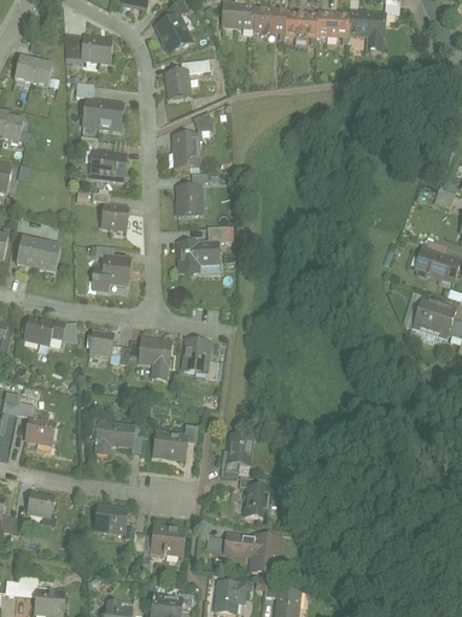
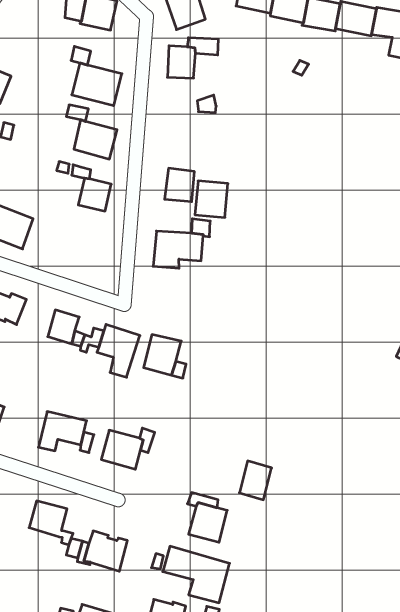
building: [13,54,51,86] -> none
building: [175,131,204,164] -> [195,181,228,217]
building: [92,252,130,289] -> none
building: [226,431,252,465] -> [239,461,272,500]

